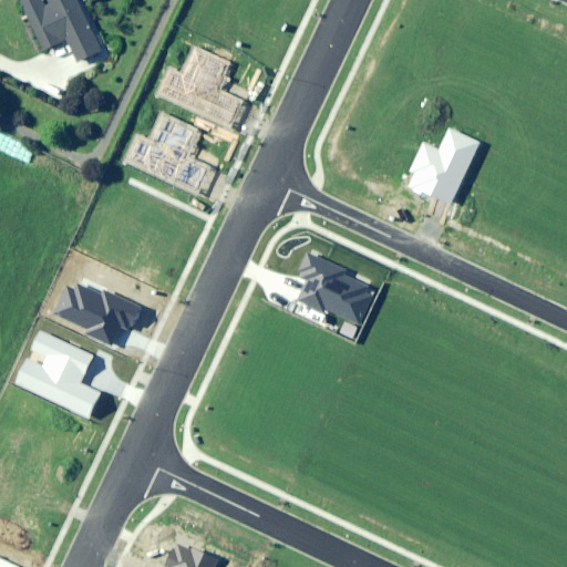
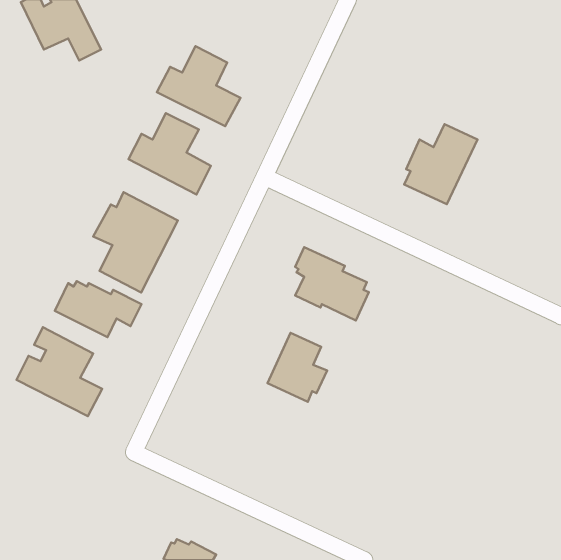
building: none -> [93,192,178,292]
building: none -> [268,333,327,402]

